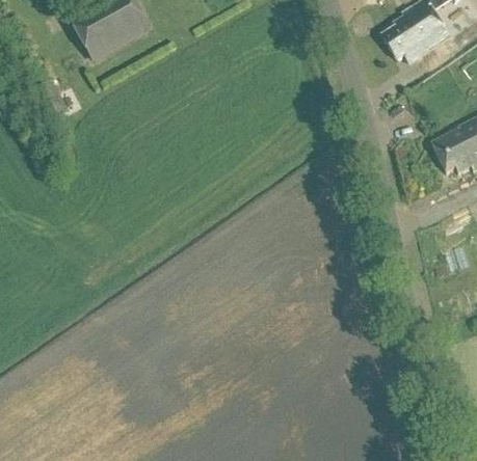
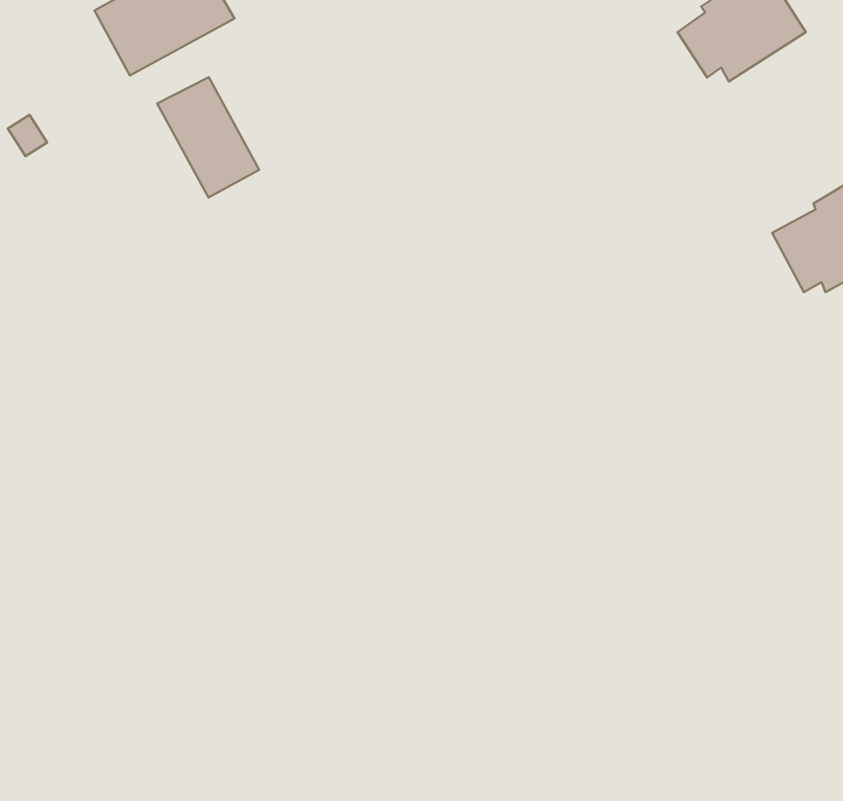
building: none -> [157,77,259,198]

